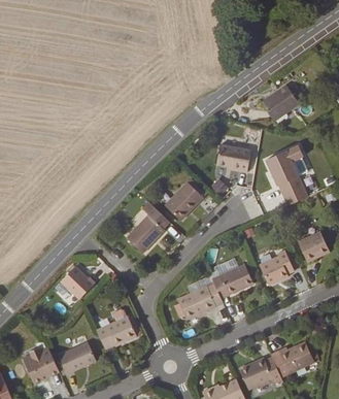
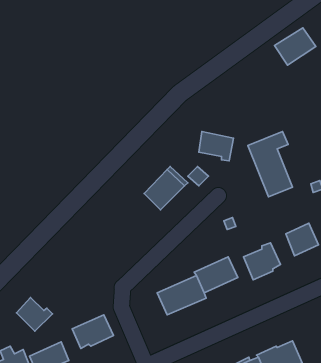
building: [260,84,299,119] -> [274,28,316,65]
building: [127,202,171,252] -> none
building: [63,266,97,298] -> [16,297,52,331]

